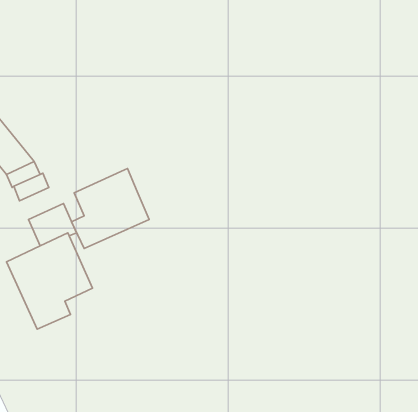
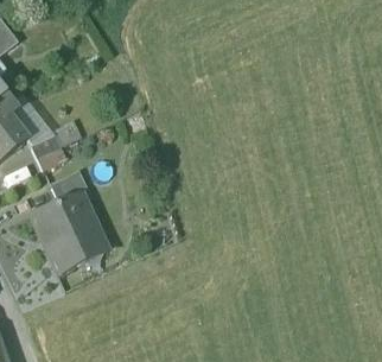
building: [71,169,149,249] -> none

